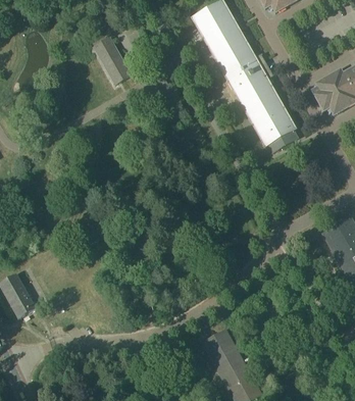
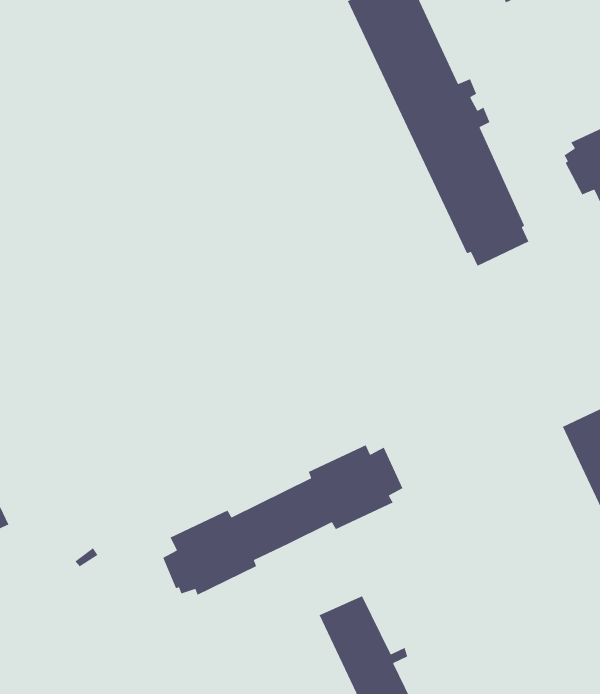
building: [93,37,133,85] -> none
building: none -> [162,444,404,596]

